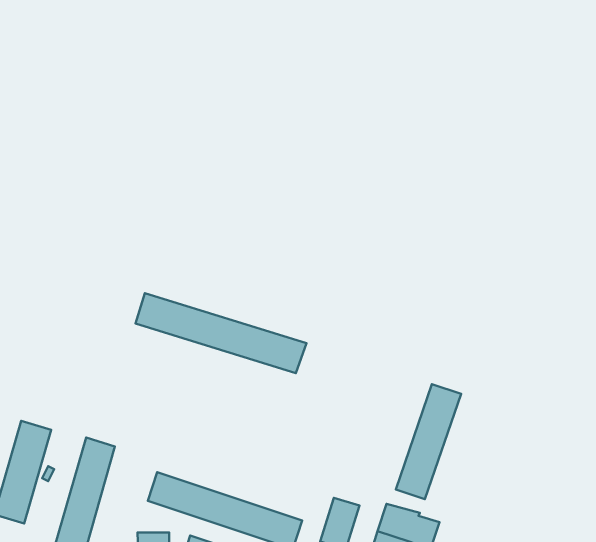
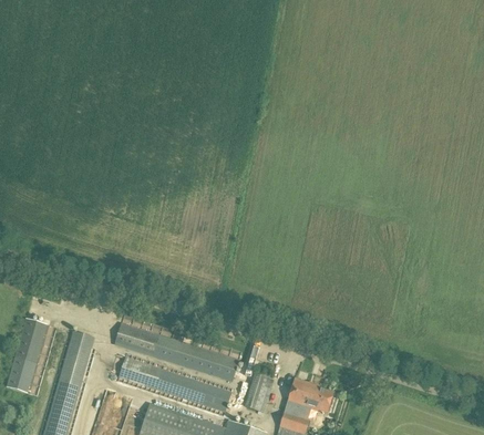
building: [136,293,306,373] -> [114,322,239,381]
building: [396,384,461,499] -> none

